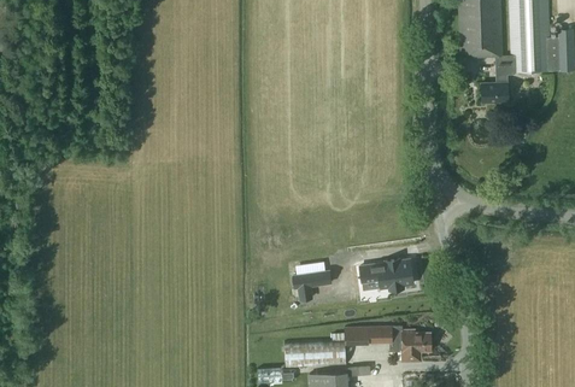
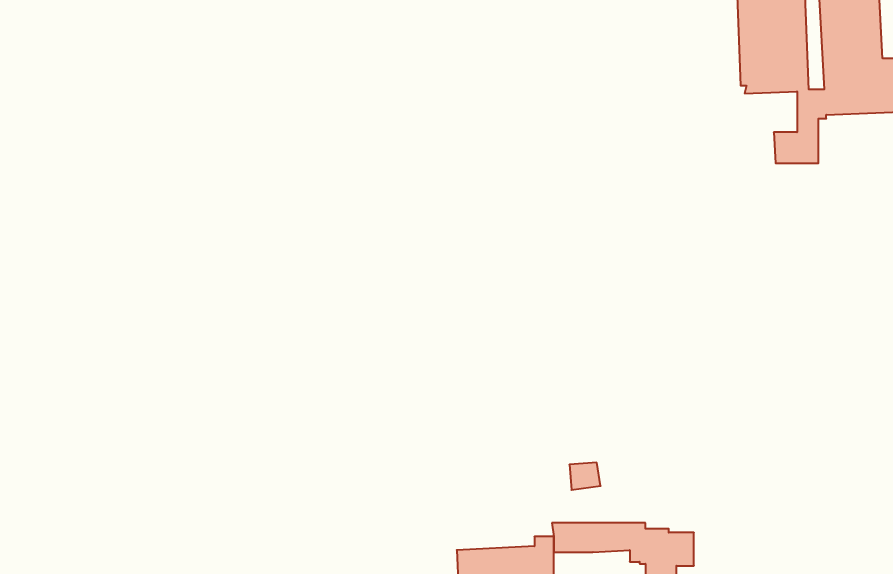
building: [363,260,416,291] -> none
building: [291,265,328,293] -> none

